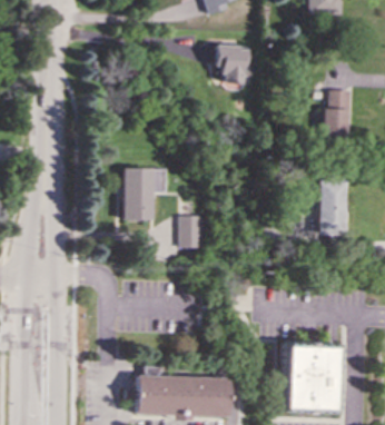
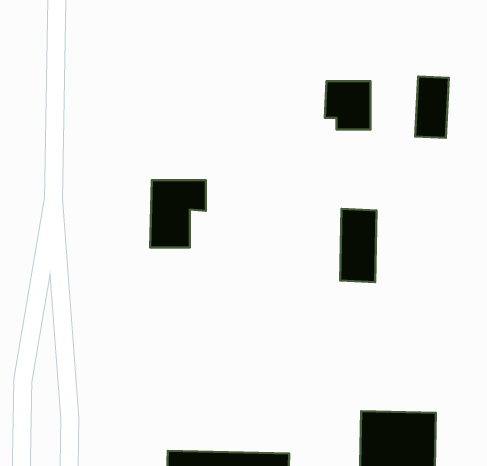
building: [215,46,249,82] -> [325,81,370,129]
building: [318,179,346,235] -> [340,209,377,282]
building: [179,215,203,247] -> none

